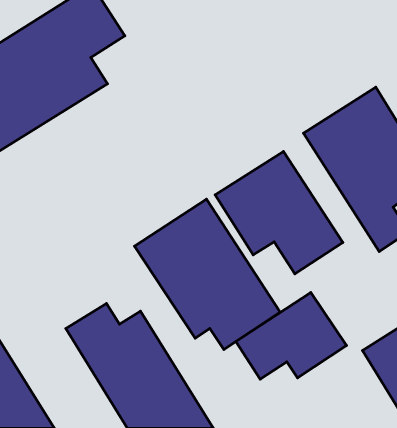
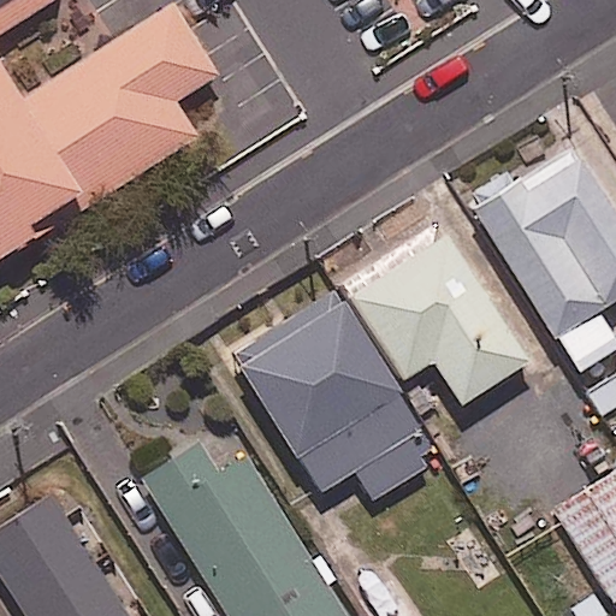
building: [236,292,346,379] -> none

